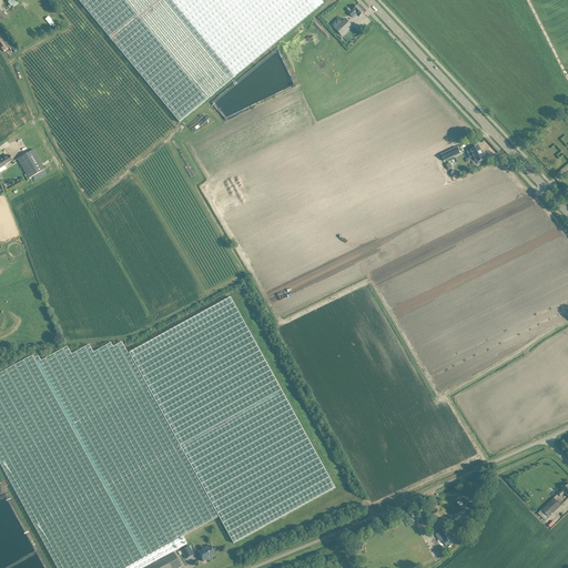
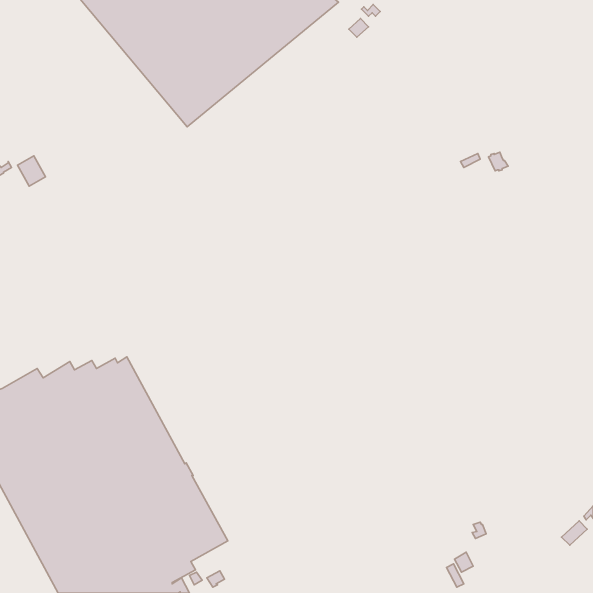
building: [129,296,334,542] -> none

